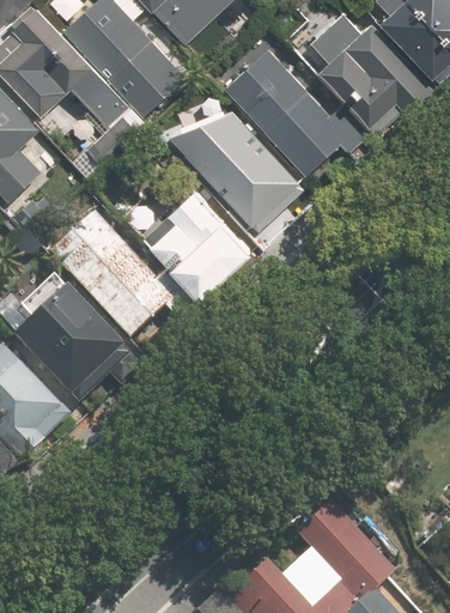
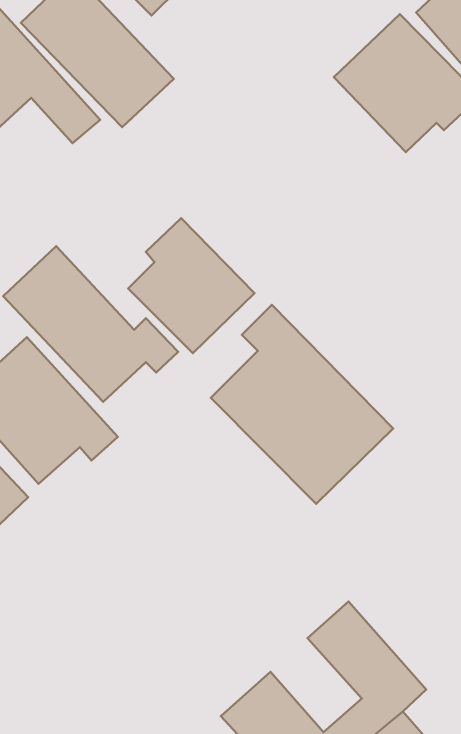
building: [223,47,366,176] -> none
building: [175,91,300,239] -> none
building: none -> [211,305,393,504]

